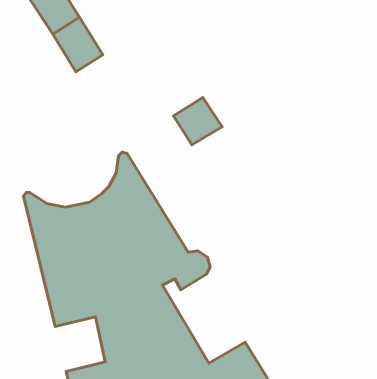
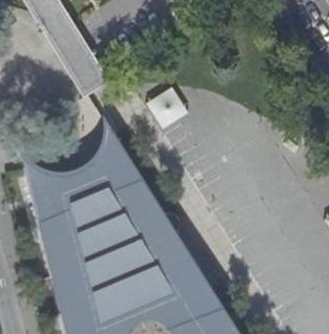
building: none -> [73,56,111,96]
building: none -> [145,239,224,315]
building: none -> [55,276,97,322]

